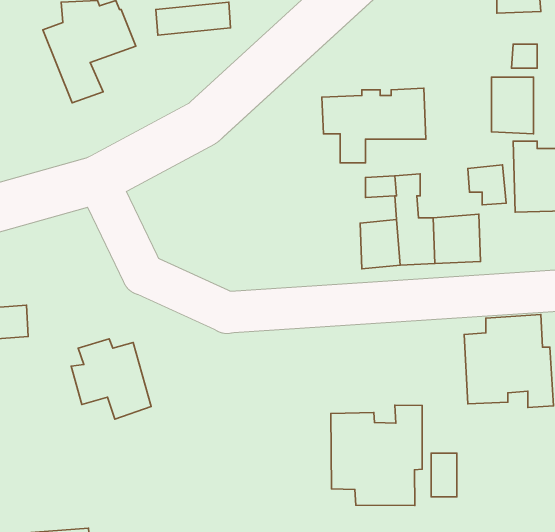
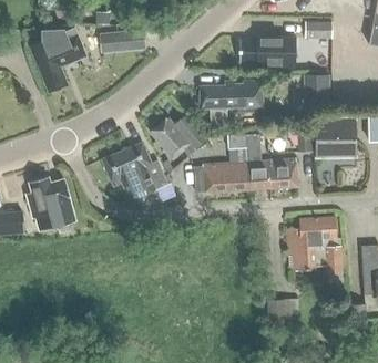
building: none -> [239,35,296,68]
building: none -> [152,113,208,157]
building: none -> [102,142,167,198]
building: none -> [194,163,225,191]
building: [71,339,151,419] -> [24,177,73,226]
building: [331,405,422,506] -> none

